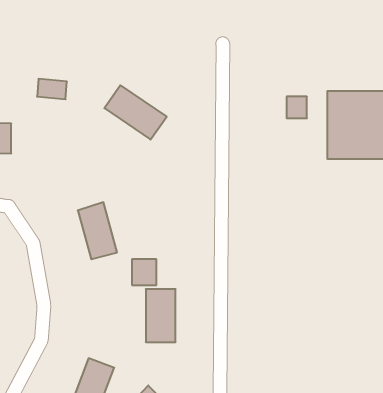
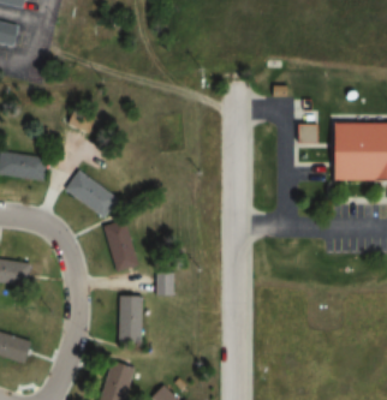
building: [104,85,167,140] -> [64,169,119,217]
building: [146,289,176,342] -> [115,294,142,341]

